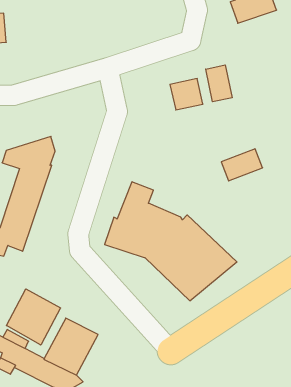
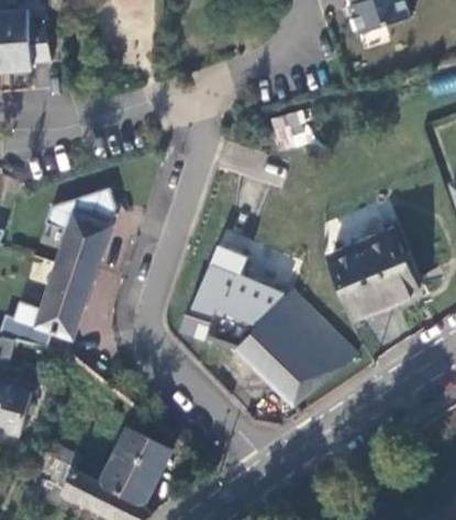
building: [206,65,232,102] -> none
building: none -> [331,228,420,315]
building: [6,289,61,345] -> none

